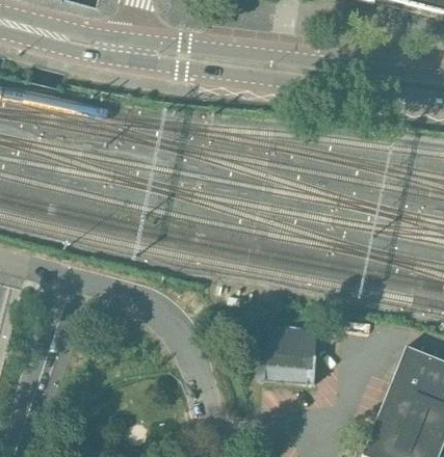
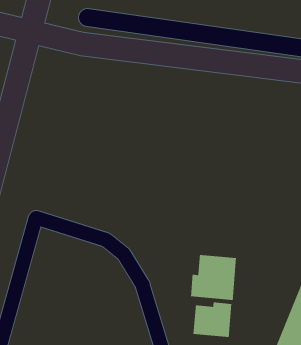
building: none -> [192,301,232,338]

